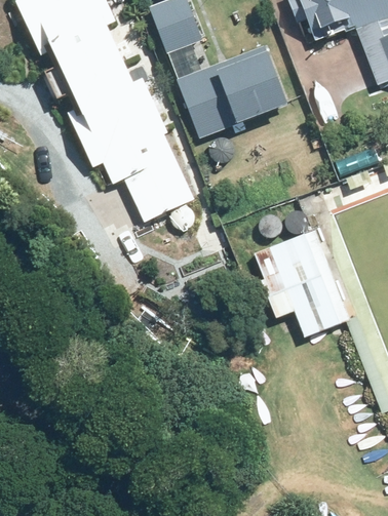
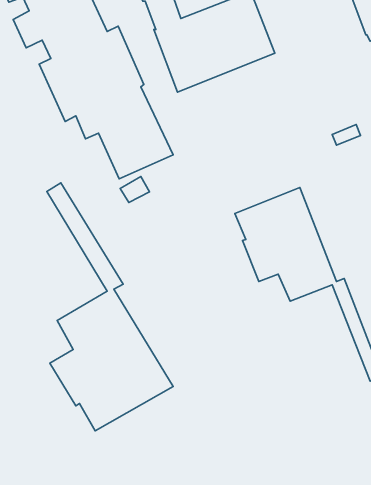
building: none -> [47,183,173,431]

